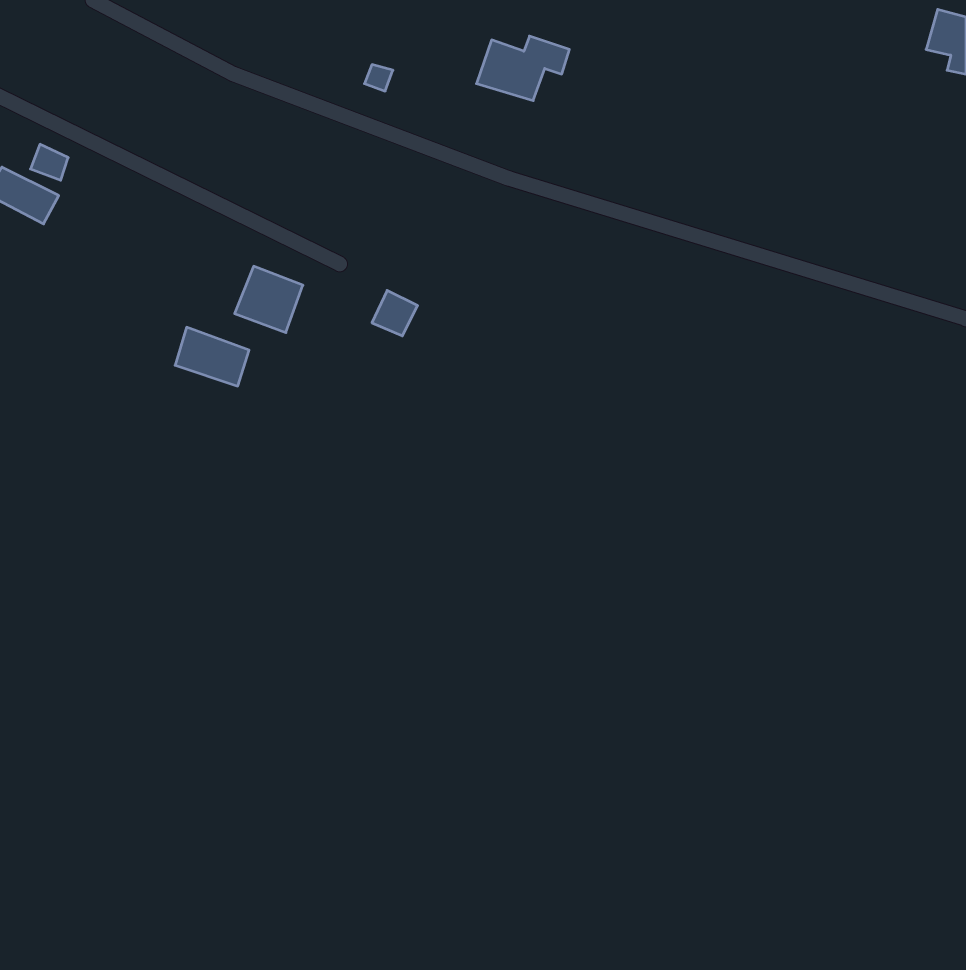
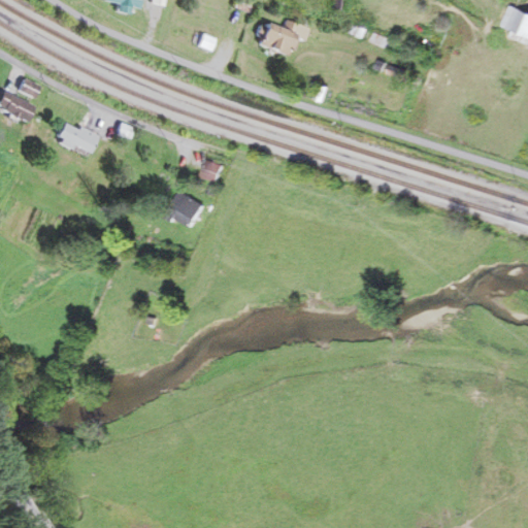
building: [235,266,303,333] -> [167,192,204,228]
building: [175,327,249,386] -> [54,122,94,154]

